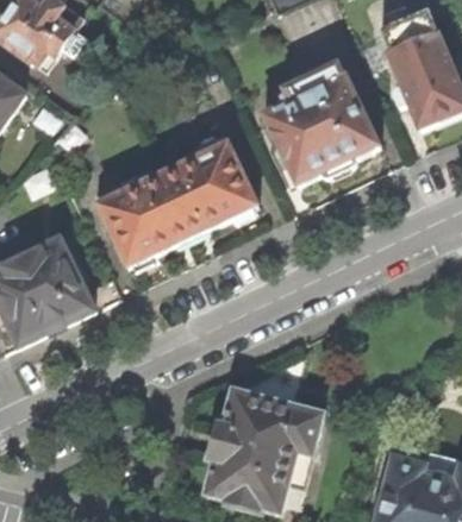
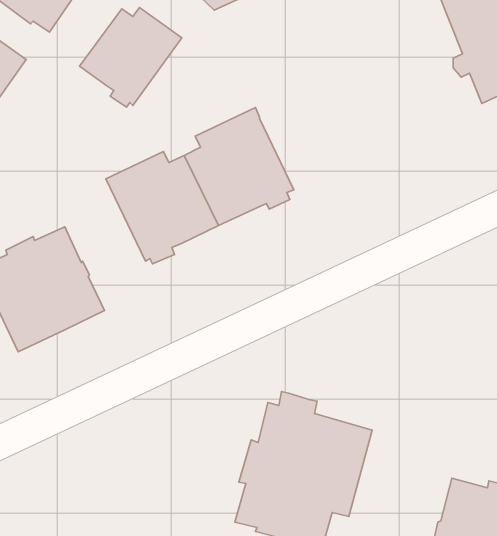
building: none -> [80,8,182,107]
building: [263,62,381,185] -> none

